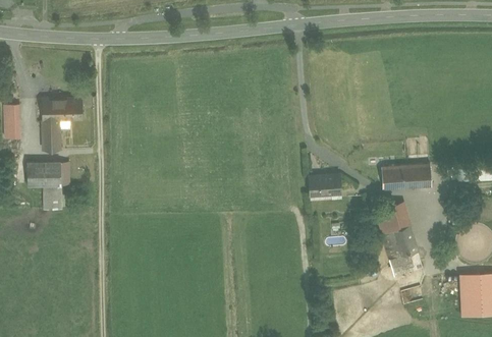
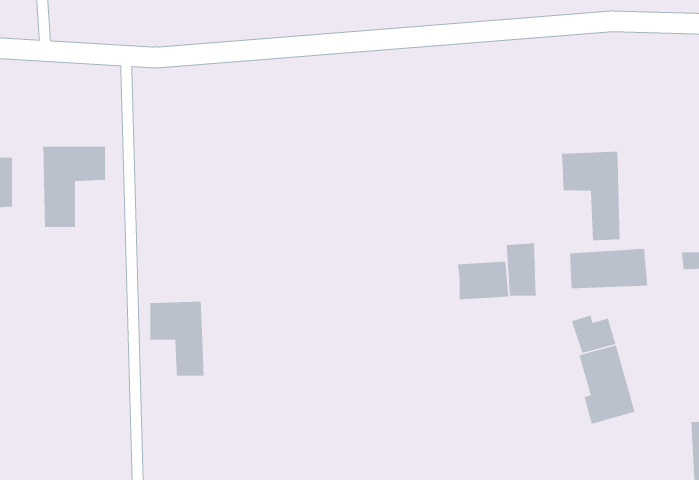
building: none -> [561,151,621,241]
building: none -> [506,243,536,296]
building: [25,160,61,209] -> [149,301,205,377]

